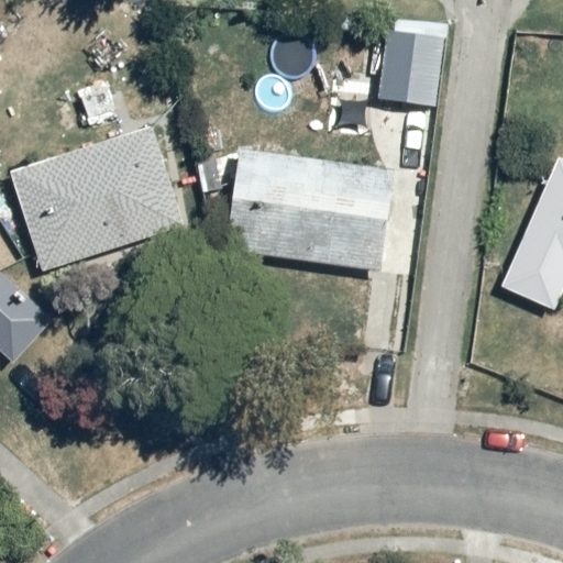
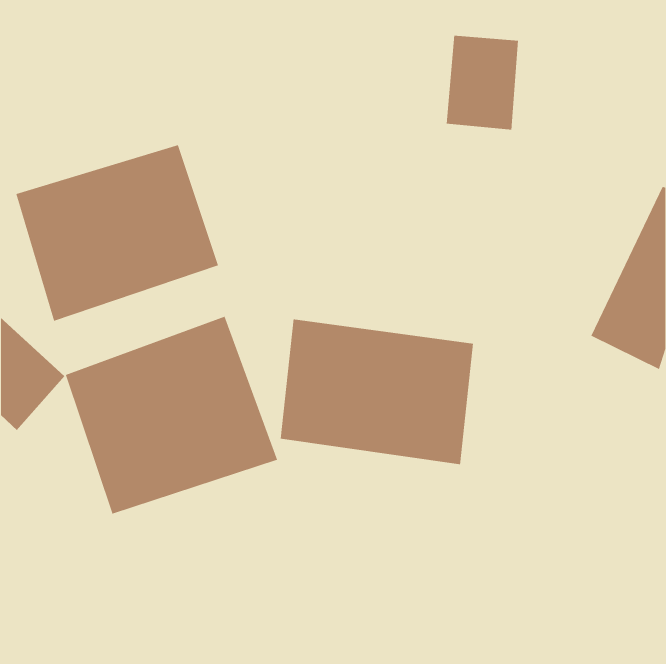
building: [230,148,394,272] -> [280,319,474,465]
building: none -> [65,316,278,514]

